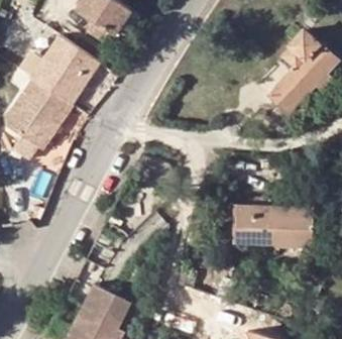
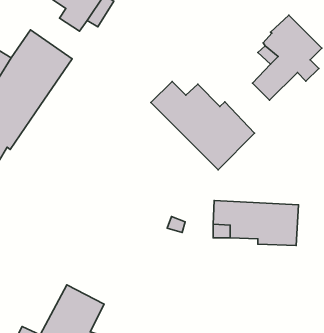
building: none -> [151,82,255,170]

